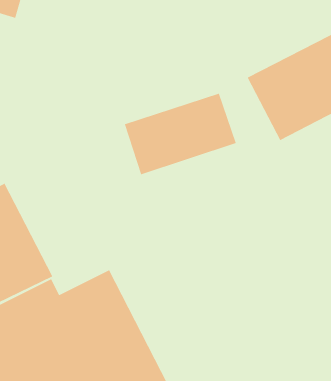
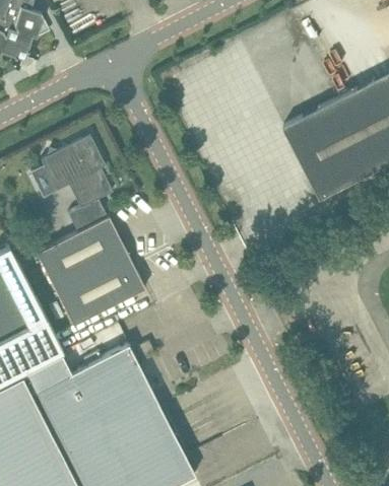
building: none -> [29,135,145,326]
building: [124,93,237,175] -> none

